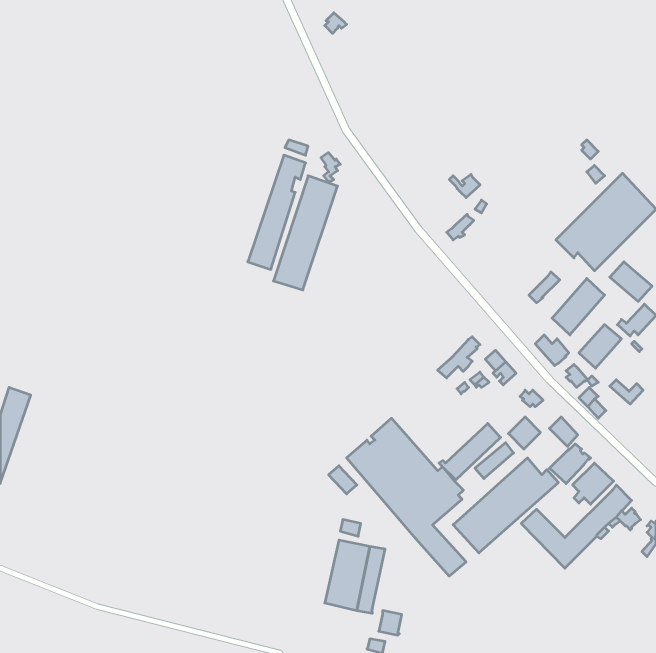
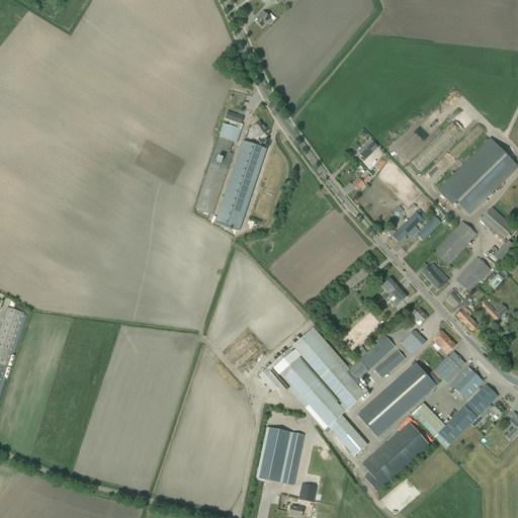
building: [438,337,480,378] -> [392,208,425,241]
building: none -> [362,421,430,490]

